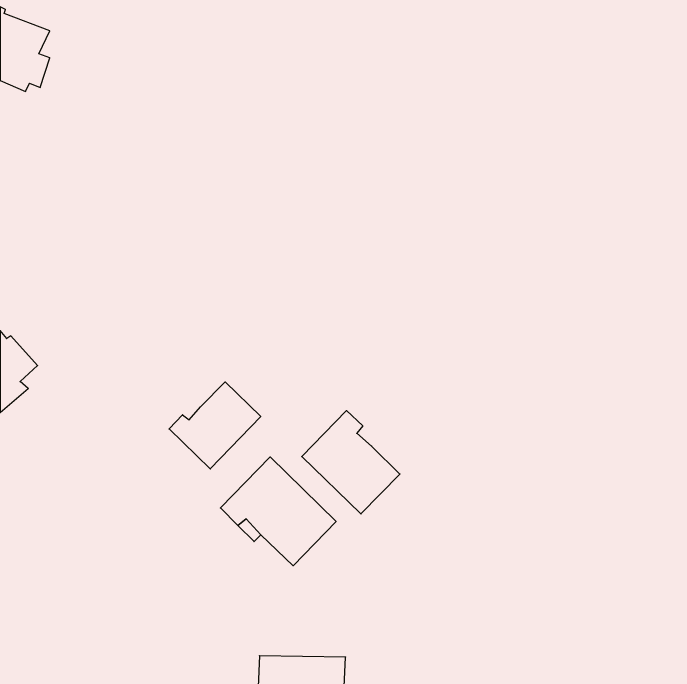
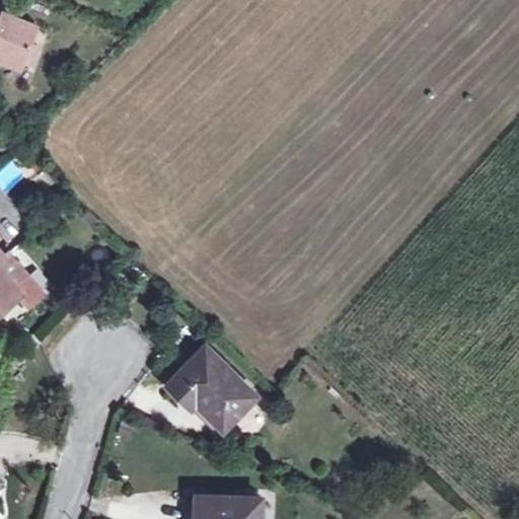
building: [169,382,261,469] -> none
building: [302,411,400,514] -> none

